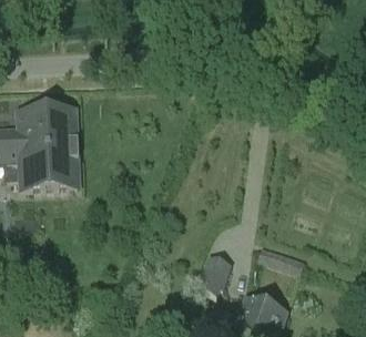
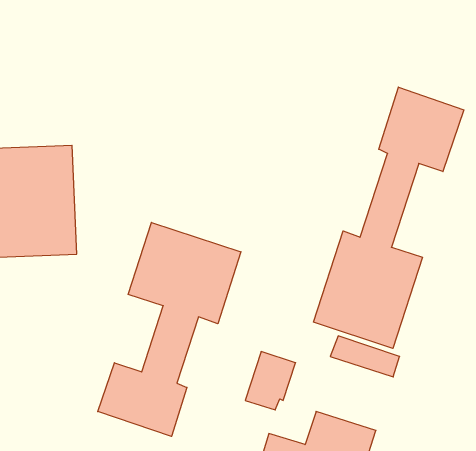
building: none -> [313,87,464,348]
building: none -> [98,222,241,436]

